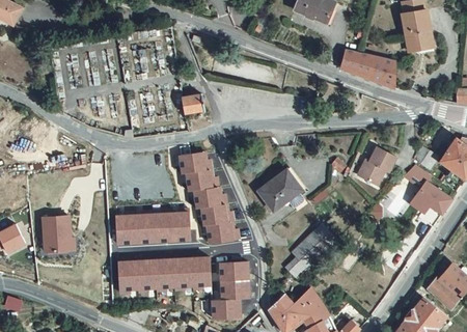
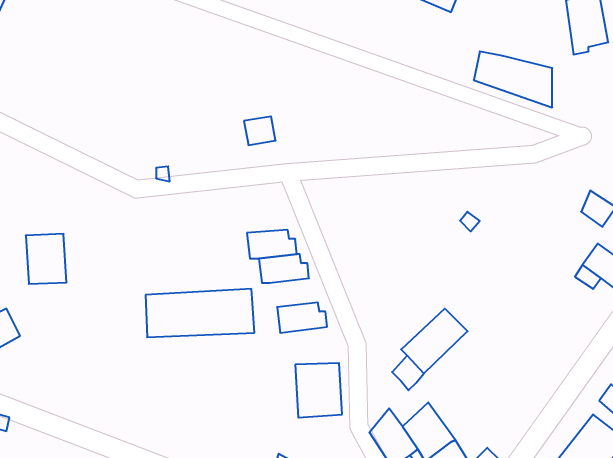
building: [356,149,394,188] -> none
building: [178,154,213,174] -> none
building: [258,170,302,211] -> none
building: [200,204,235,224] -> none
building: [43,217,71,251] -> [26,234,67,284]
building: [117,256,211,295] -> none
building: [211,299,240,319] -> none

